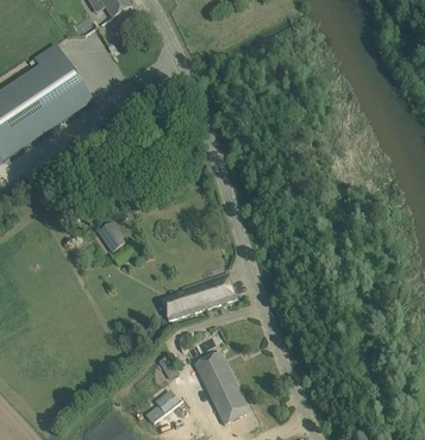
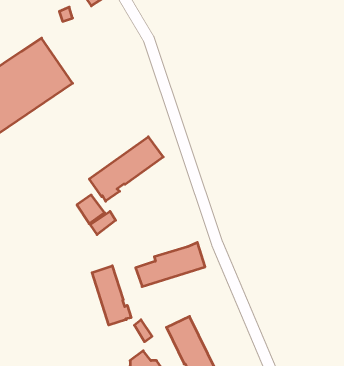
building: none -> [89,137,163,201]
building: none -> [92,266,131,325]

